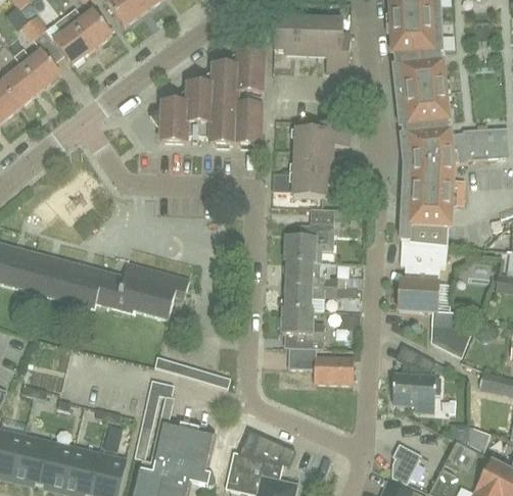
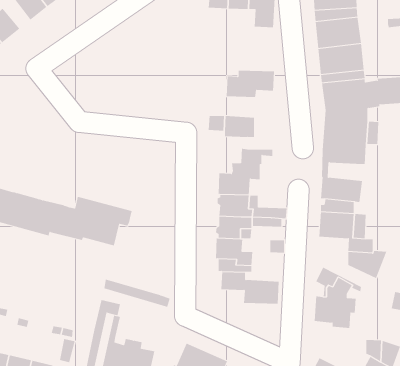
building: [155,50,264,145] -> none
building: [292,150,327,173] -> none
building: [409,225,448,245] -> none

